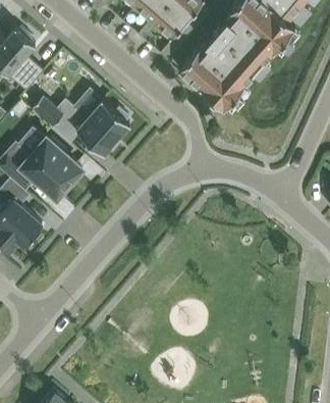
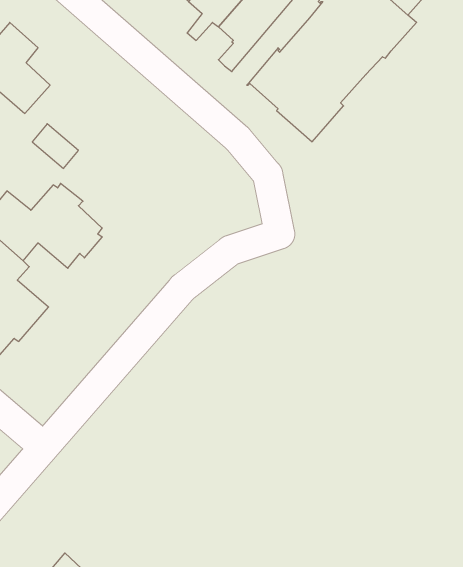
building: [67,100,129,154] -> none

